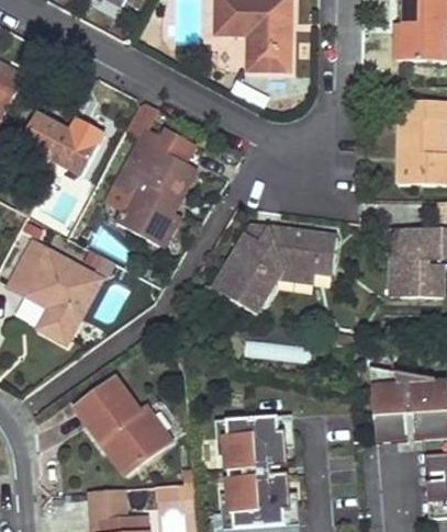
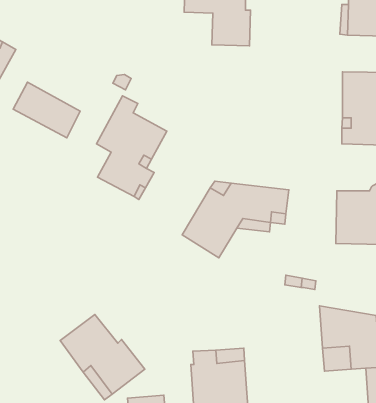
building: [10,241,101,343] -> none

